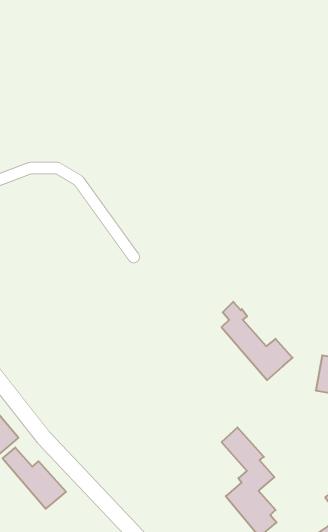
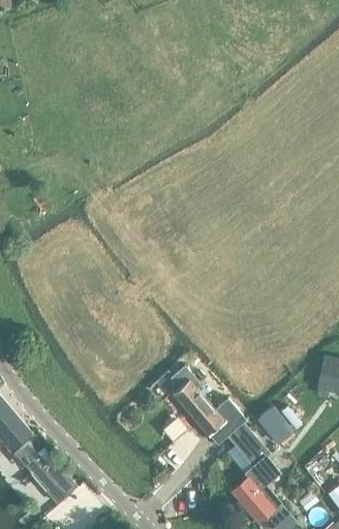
building: [222,302,293,380] -> [171,369,240,445]
building: none -> [257,407,296,444]

